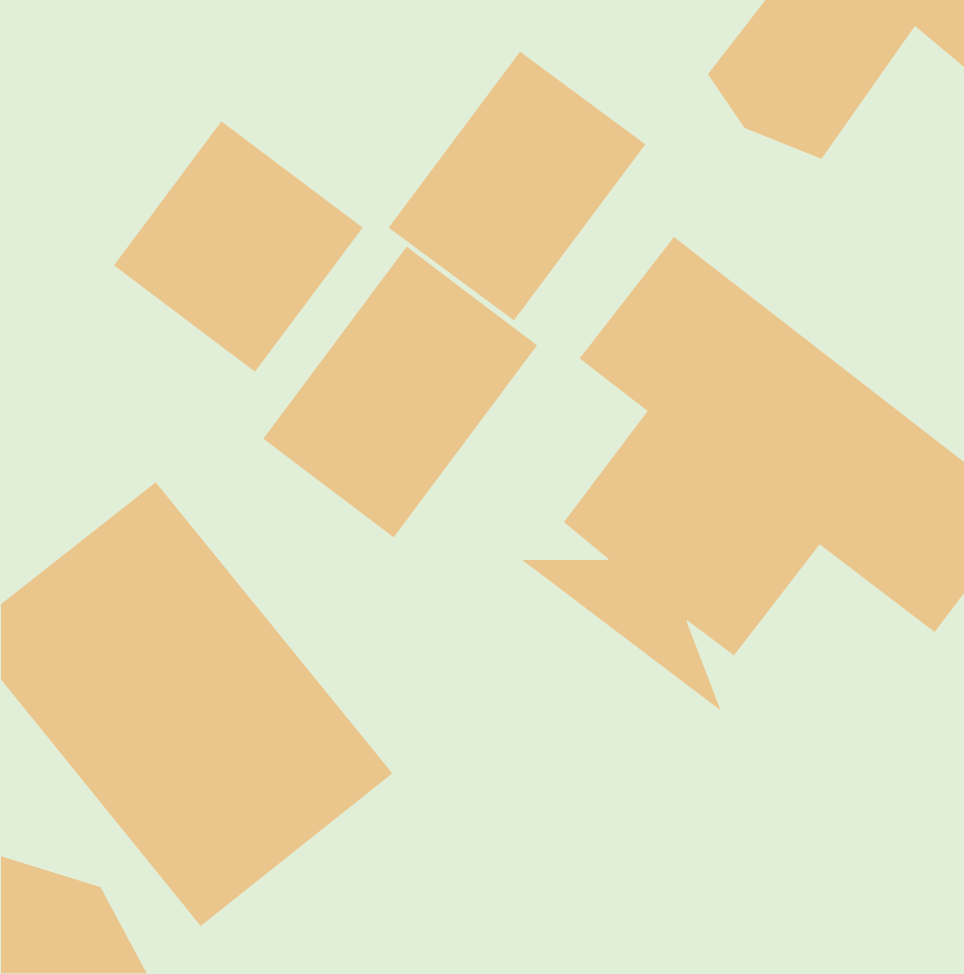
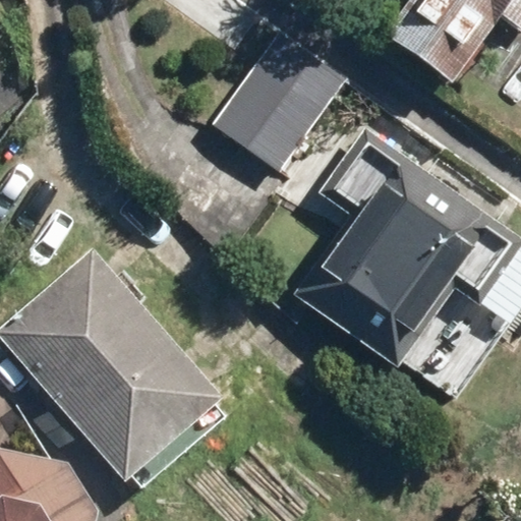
building: [113,120,364,373] -> none
building: [262,246,538,538] -> none

